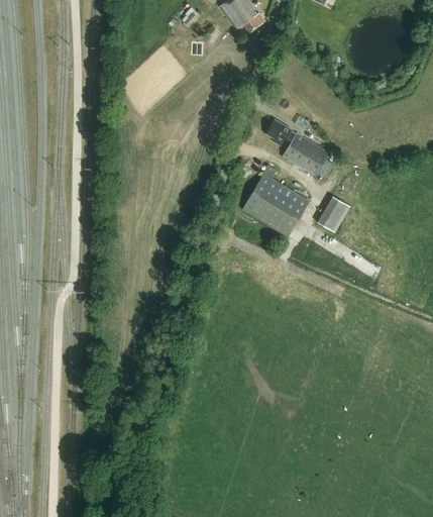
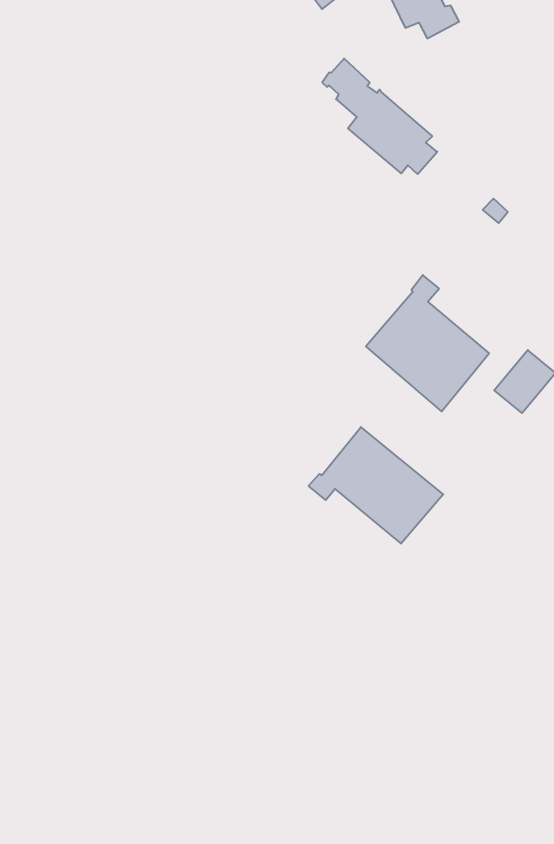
building: [264,118,334,177] -> [322,59,437,174]
building: none -> [309,427,443,544]

